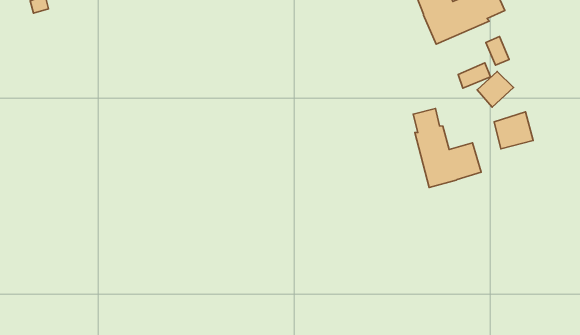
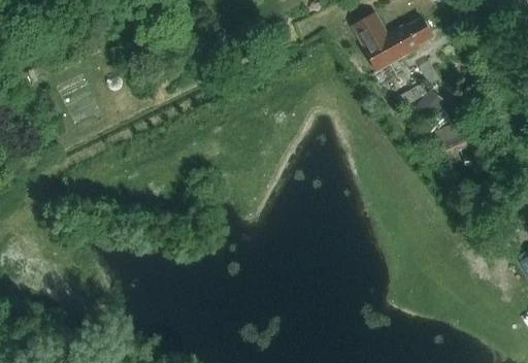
building: [413,108,481,187] -> none

